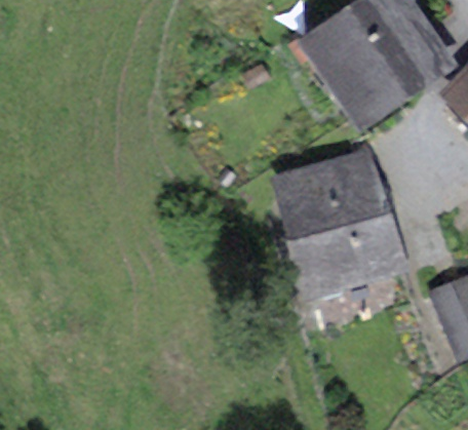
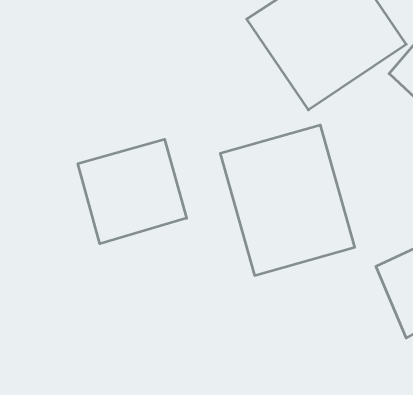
building: none -> [78,139,187,244]

